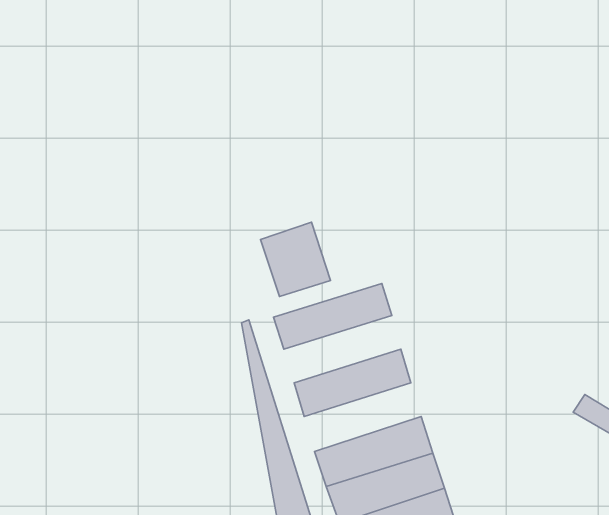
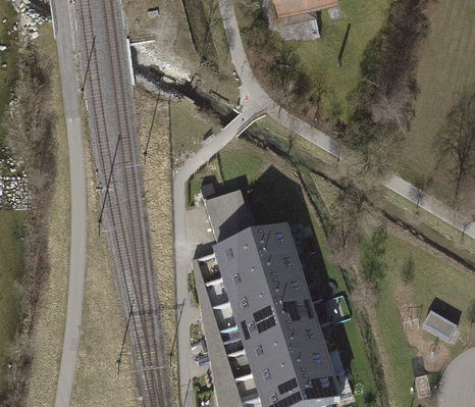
building: none -> [222,257,304,304]
building: none -> [236,304,318,352]

